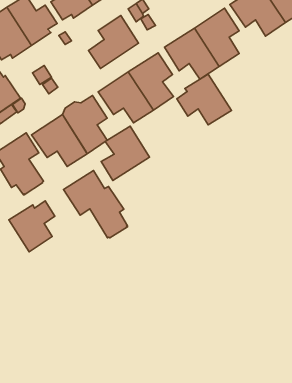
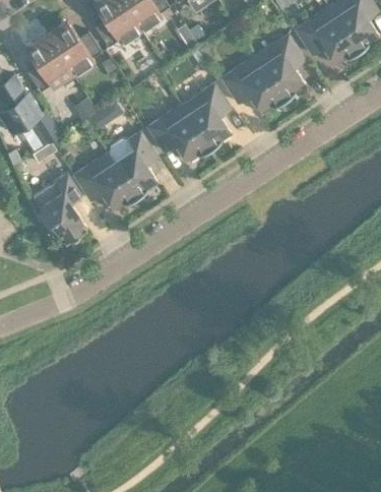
building: [89,16,139,69] -> none
building: [177,74,231,125] -> none
building: [101,126,150,180] -> none
building: [64,171,128,238] -> none
building: [9,201,55,252] -> none

